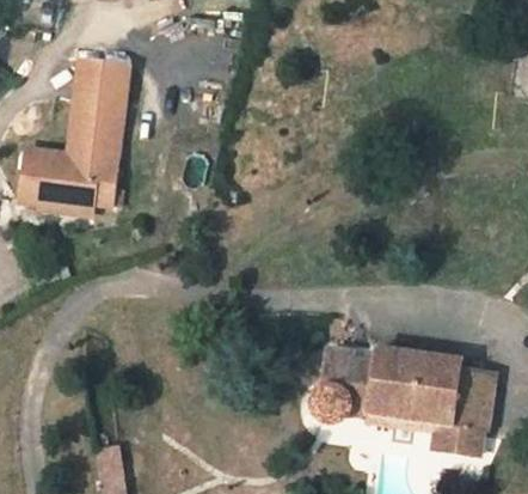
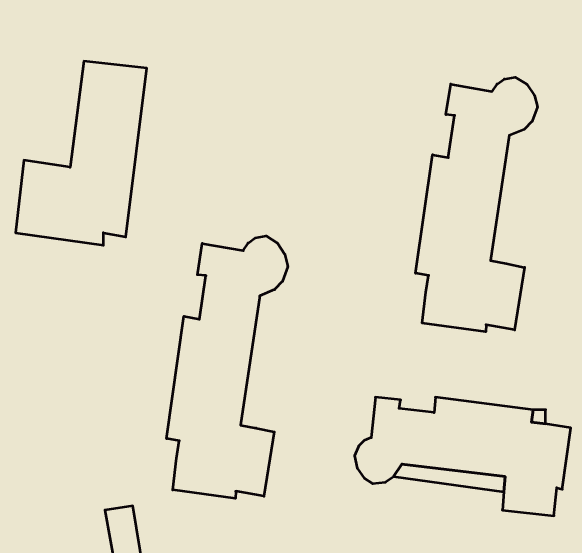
building: none -> [416,77,537,332]
building: none -> [167,236,288,498]

